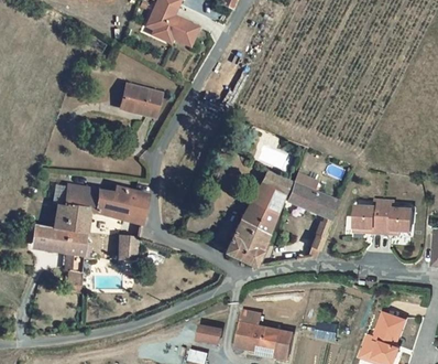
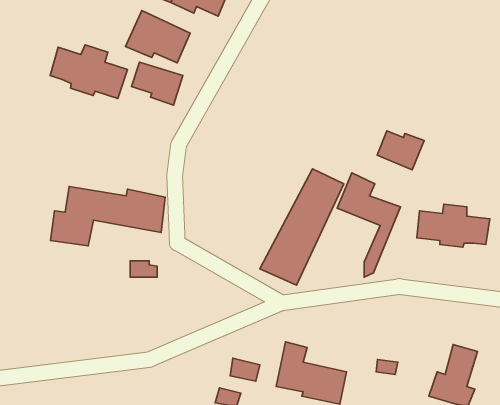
building: none -> [125,11,190,63]
building: none -> [50,45,127,99]
building: none -> [377,131,424,170]
building: [31,224,89,292] -> none

